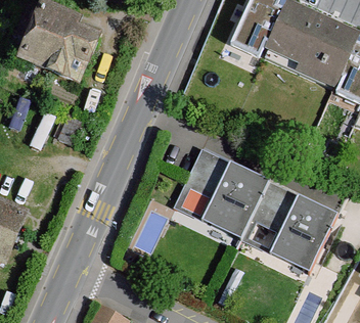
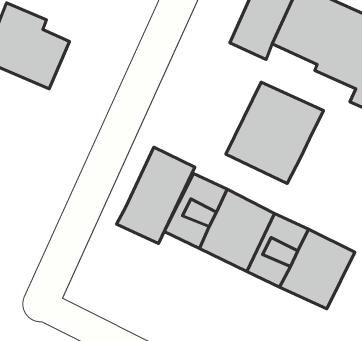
building: none -> [226,82,324,183]
building: none -> [116,147,195,243]

